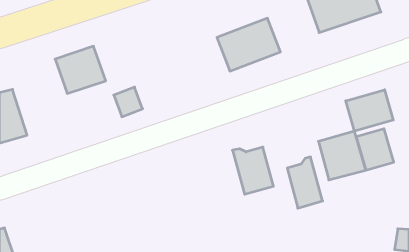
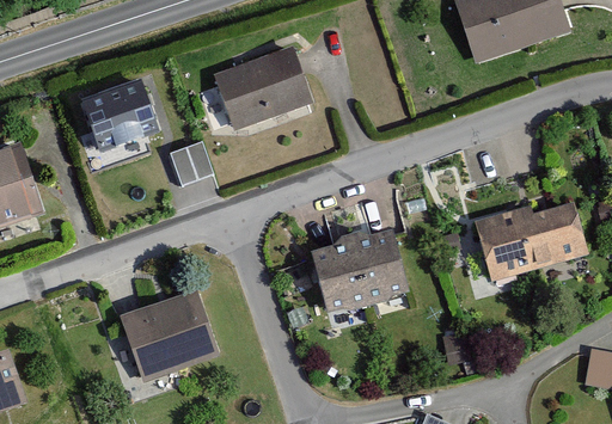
building: [217,18,280,71] -> [215,49,310,128]
building: [346,90,393,131] -> none
building: [287,157,323,208] -> [312,235,365,312]
building: none -> [121,291,216,379]

